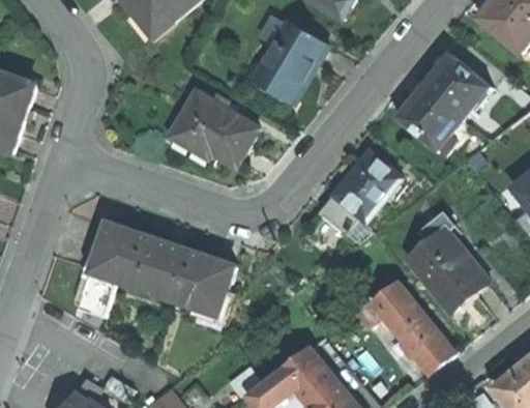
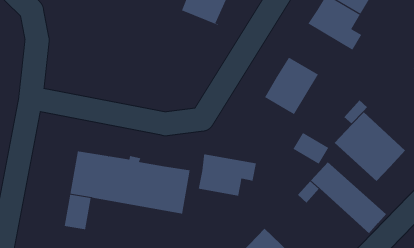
building: [168,92,257,167] -> none
building: [318,195,360,235] -> [293,132,329,164]
building: none -> [198,154,256,196]

